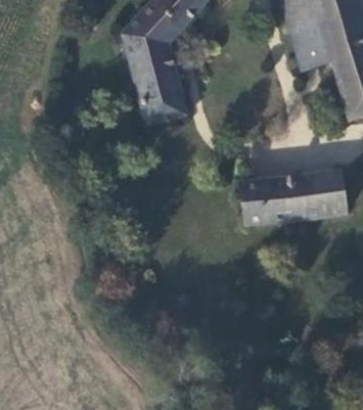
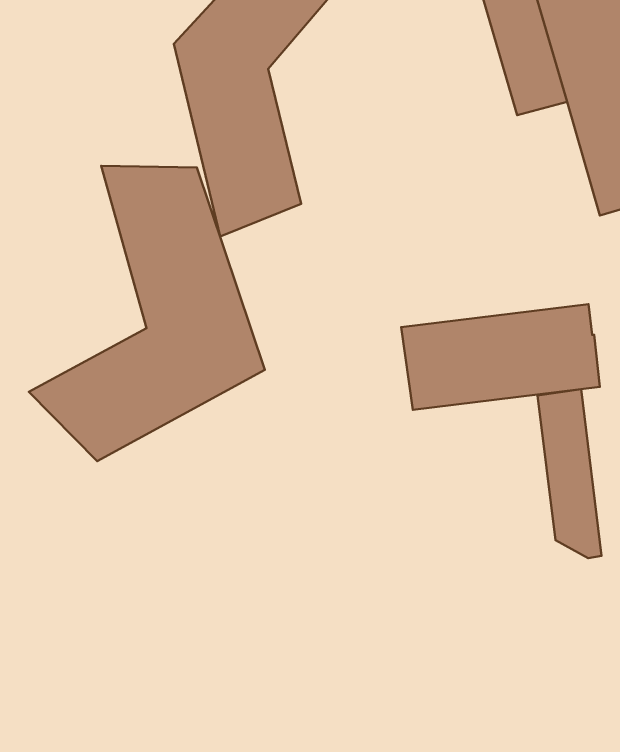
building: none -> [29,166,265,461]
building: none -> [537,389,601,558]

